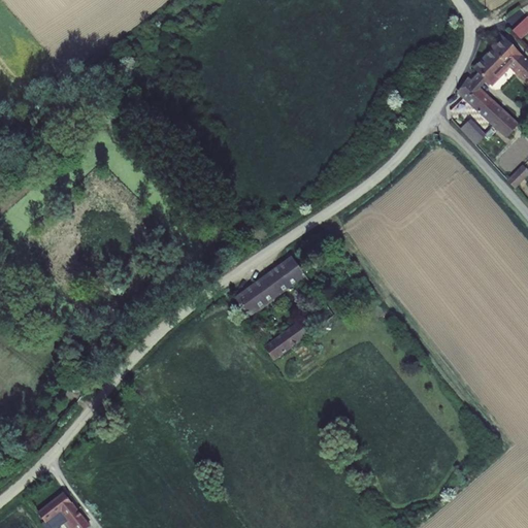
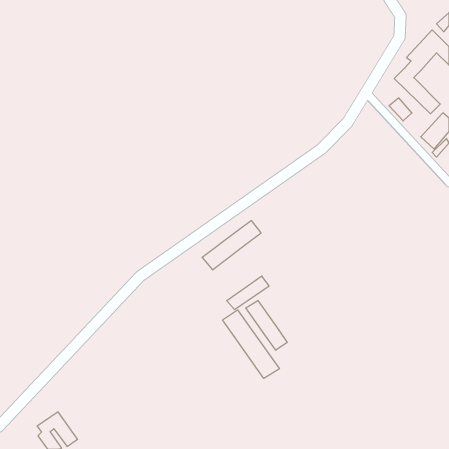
building: none -> [246,300,287,350]
building: none -> [223,310,279,378]

